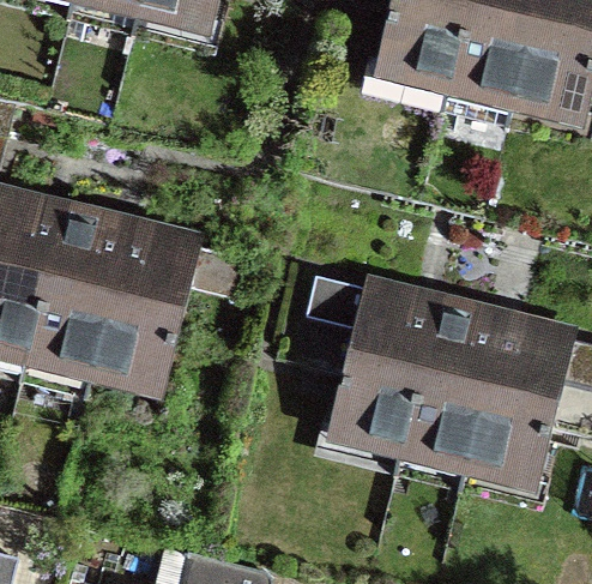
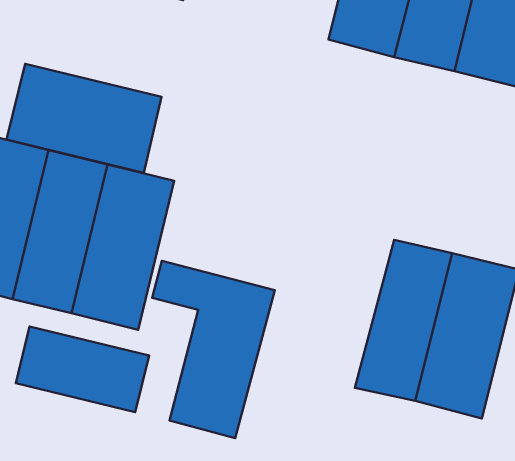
building: none -> [6,64,162,173]
building: [308,266,442,460] -> [152,261,275,438]
building: none -> [16,326,149,412]

